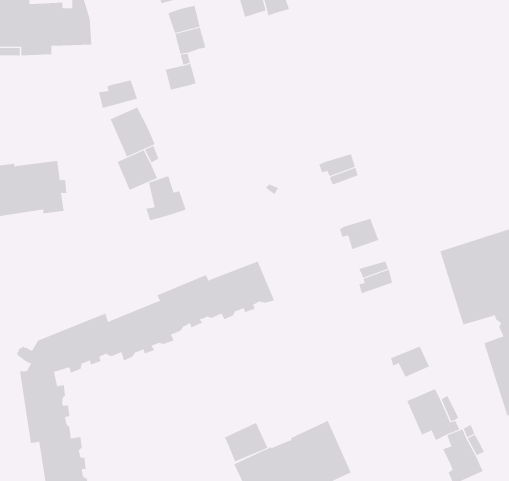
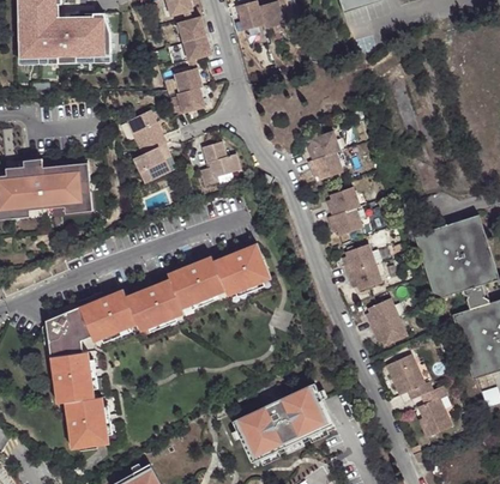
building: [98,80,138,109] -> [169,90,204,115]
building: none -> [309,128,341,157]
building: [145,176,187,221] -> [203,140,239,180]
building: none -> [329,186,357,213]
building: none -> [345,262,380,289]
building: none -> [367,298,397,328]
building: [224,422,268,462] -> none

